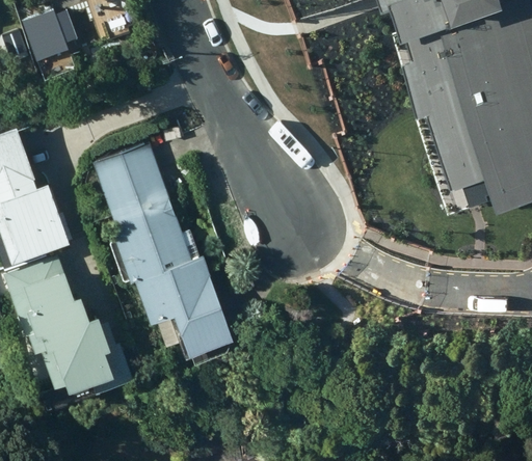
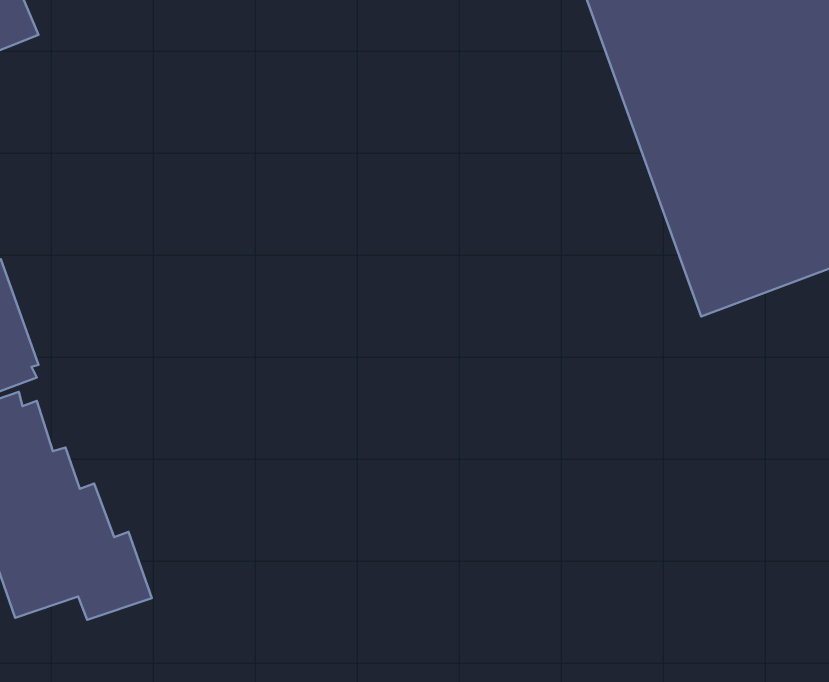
building: [90,142,236,355] -> none

